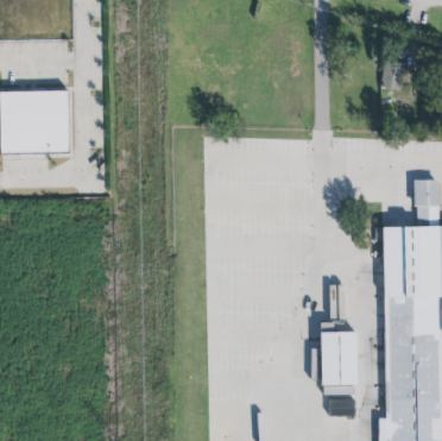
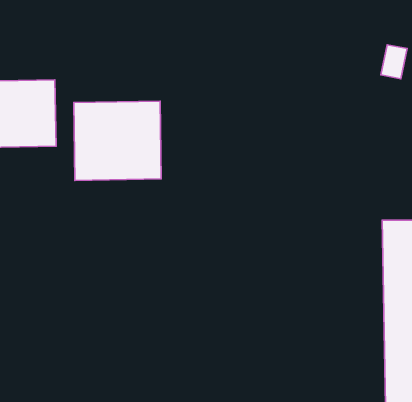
building: none -> [74,101,161,180]
building: [322,332,361,386] -> none

